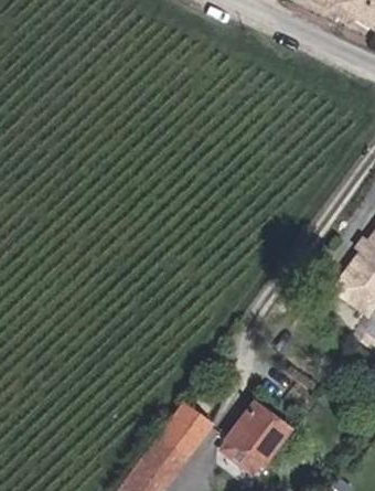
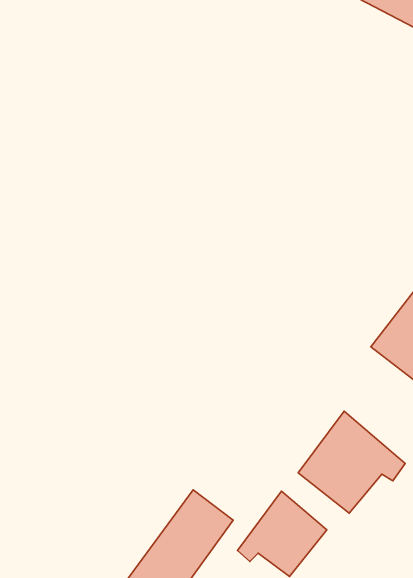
building: none -> [298,411,405,513]

